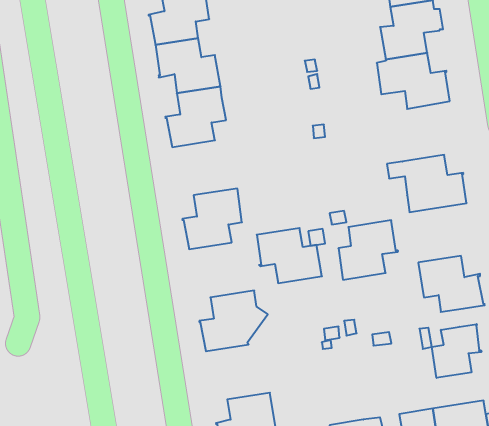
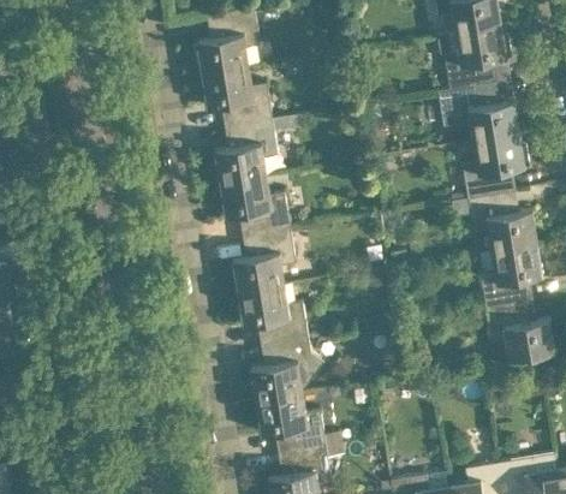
building: none -> [461,133,528,198]
building: none -> [220,175,290,234]
building: [338,220,398,280] -> [478,243,542,306]
building: [257,228,322,283] -> [238,285,308,344]
building: [432,324,481,378] -> none
building: none -> [256,394,324,453]

